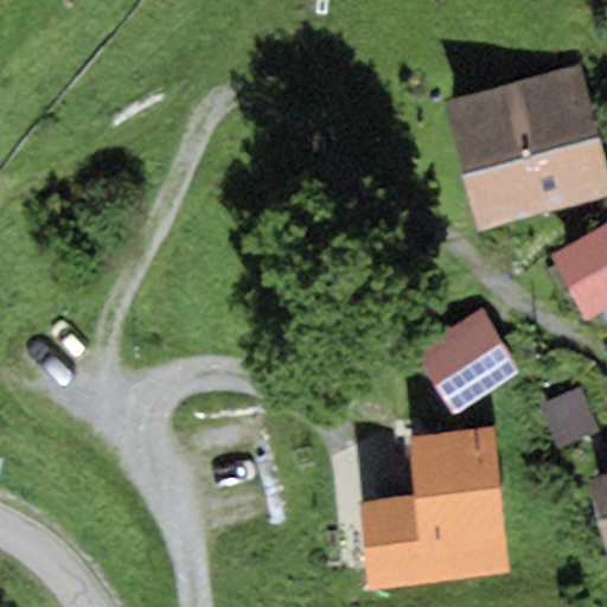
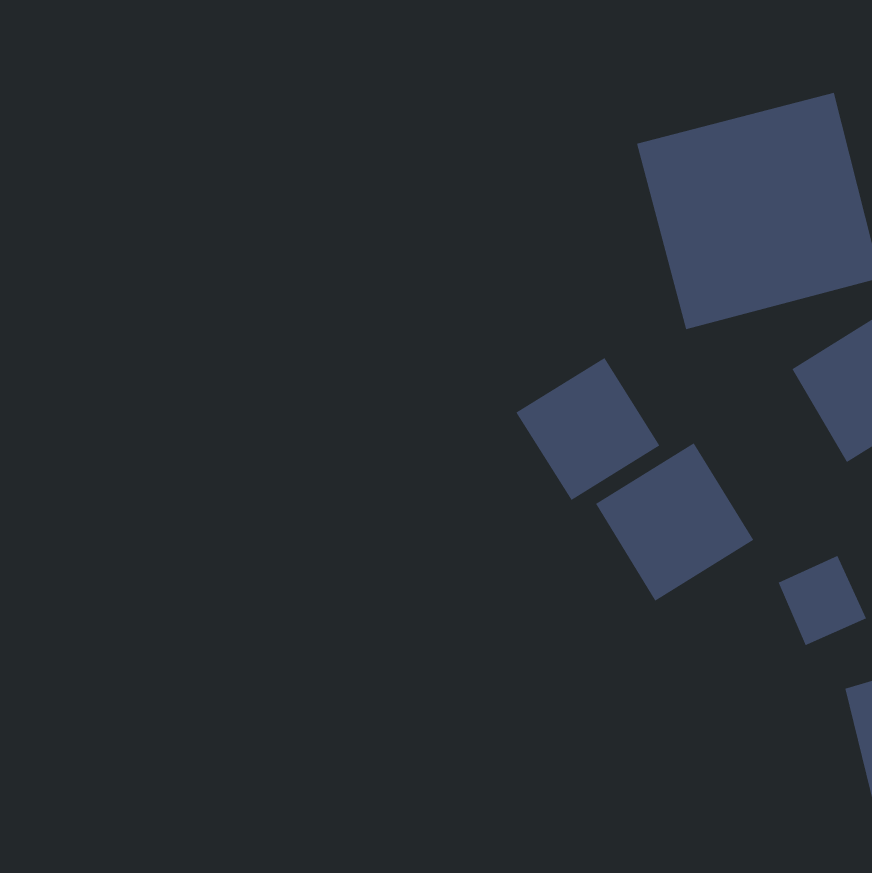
building: none -> [516,357,660,501]
building: [358,427,510,589] -> none

